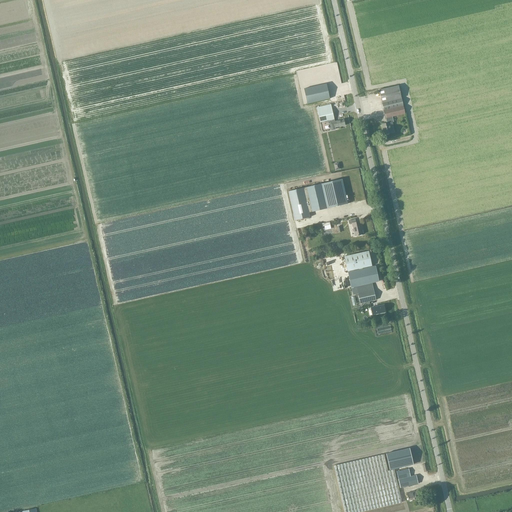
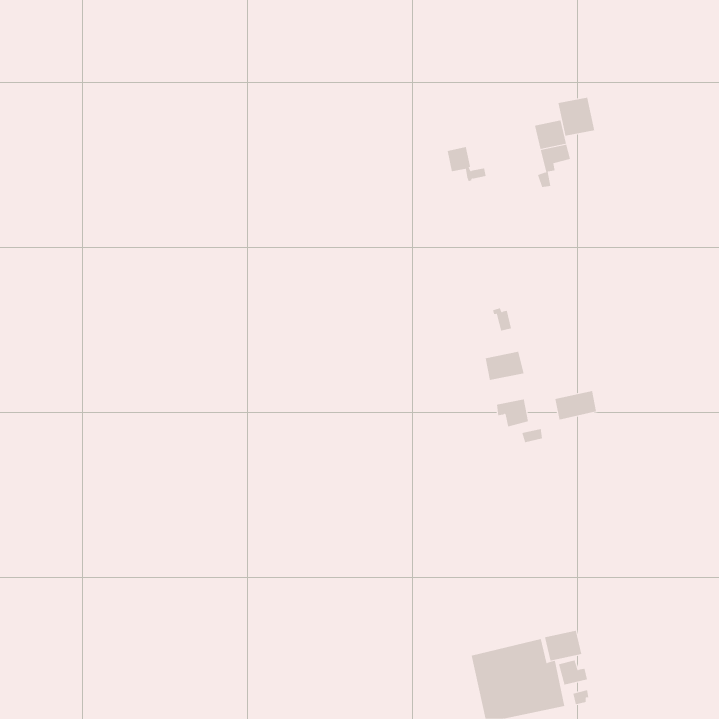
building: none -> [558,97,595,137]
building: [304,80,331,103] -> none
building: [289,178,348,219] -> none
building: [349,265,379,286] -> [555,390,597,420]

